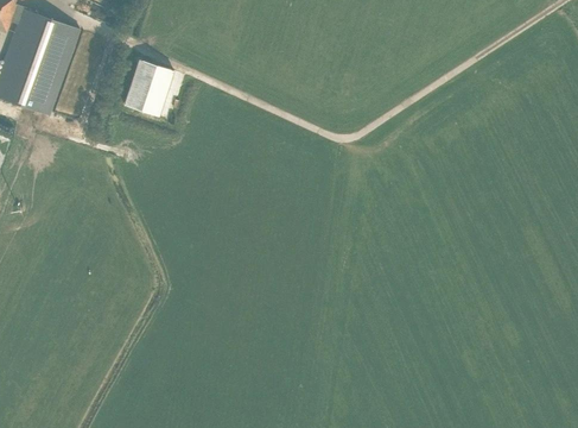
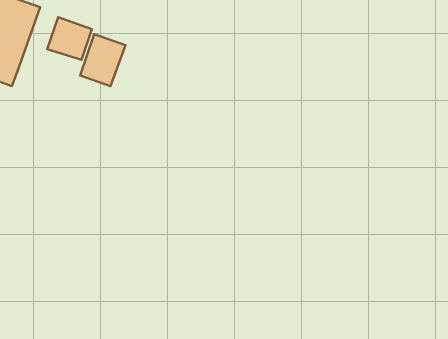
building: none -> [47,17,92,60]

